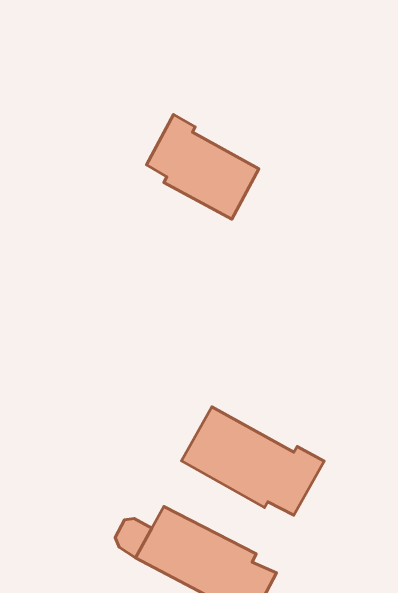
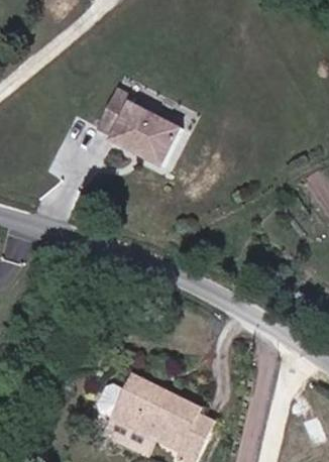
building: [182,407,324,515] -> none

